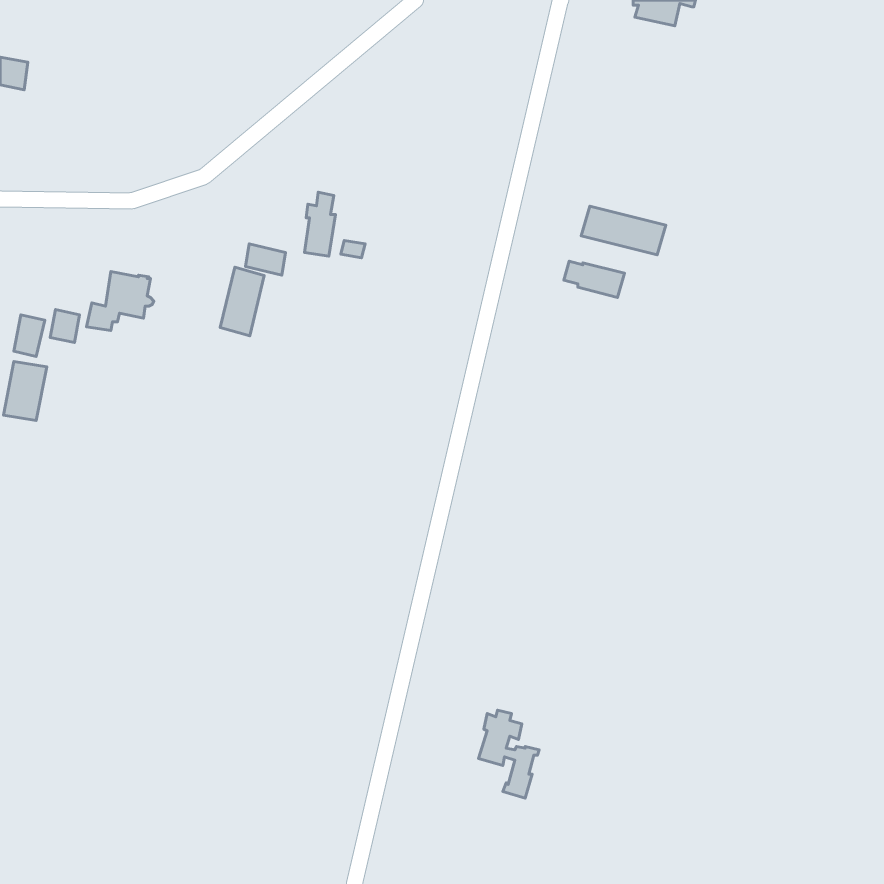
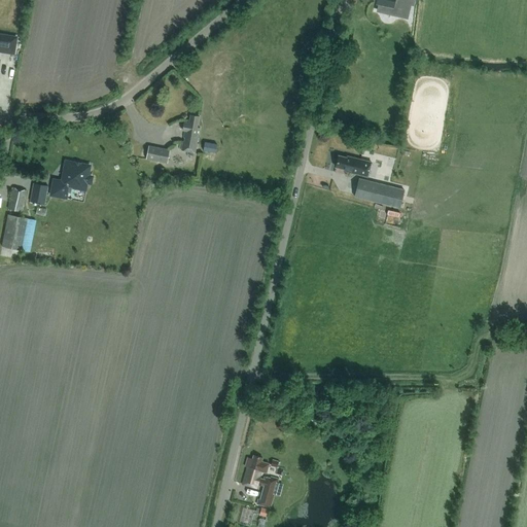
building: [581,206,666,255] -> [354,179,405,208]
building: [220,267,264,336] -> none
building: [479,710,539,798] -> [243,455,279,507]

